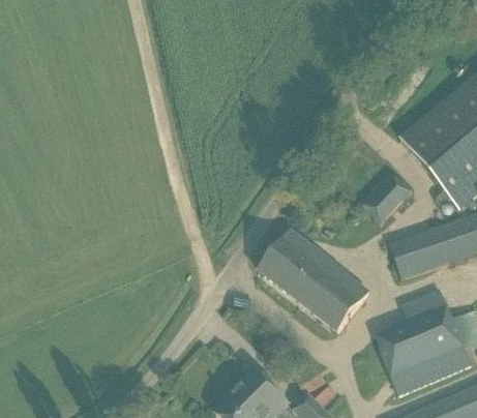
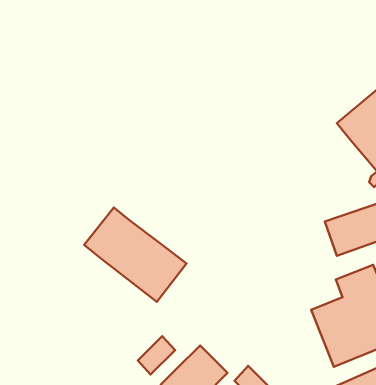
building: [360,173,412,226] -> none
building: [260,232,367,331] -> [84,208,186,302]
building: none -> [138,336,175,374]

